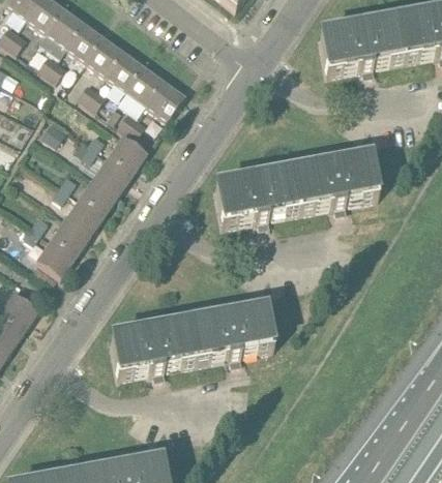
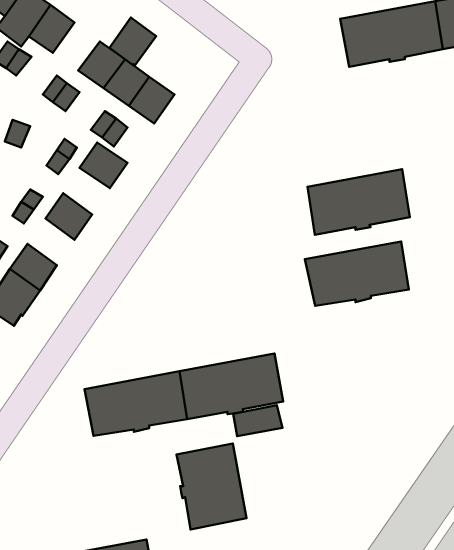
building: [87,31,125,70] -> [109,17,156,65]
building: [95,150,134,188] -> none
building: [216,165,301,218] -> [305,241,409,306]
building: [66,191,105,230] -> none
building: none -> [233,405,283,436]
building: none -> [177,444,247,529]

